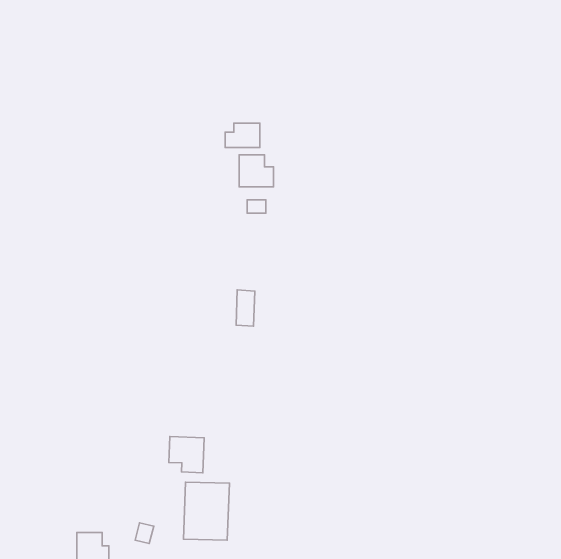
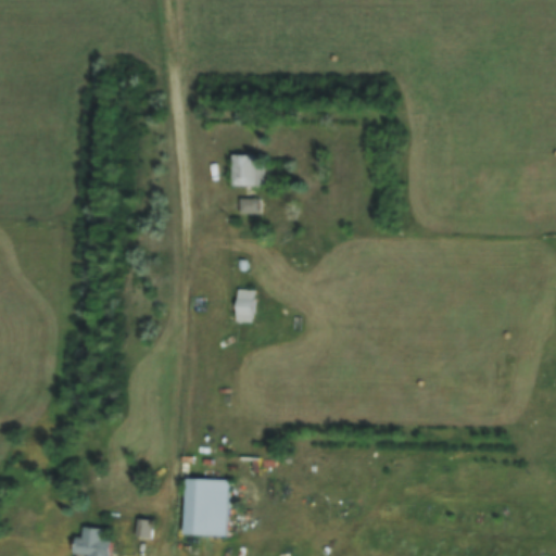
building: [225,123,260,147] -> none
building: [169,437,204,473] -> none

